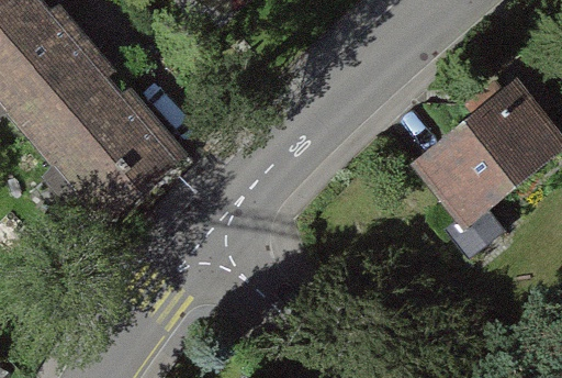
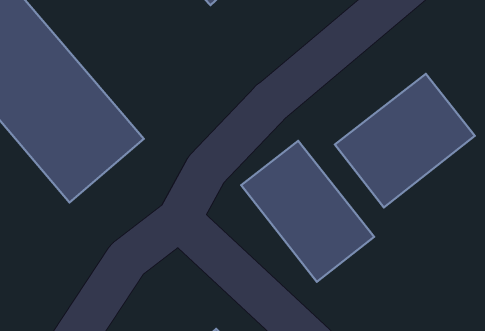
building: none -> [241,141,374,282]

